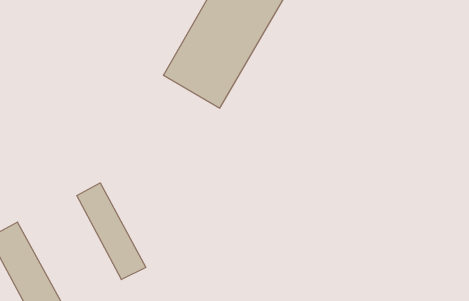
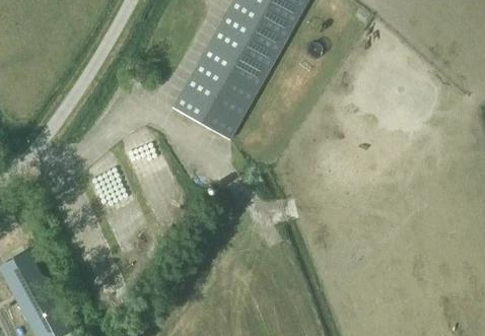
building: [77,183,146,280] -> none

